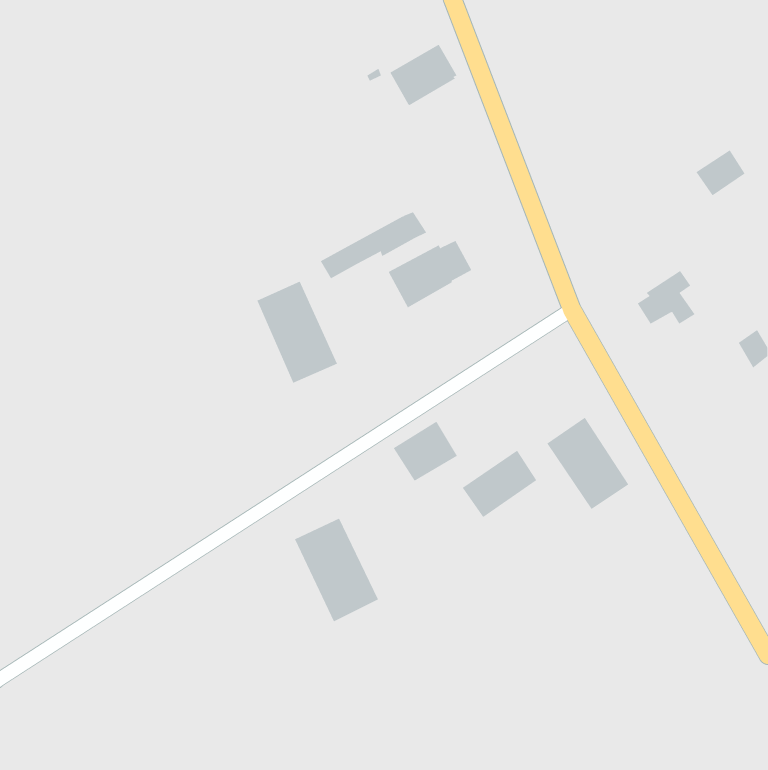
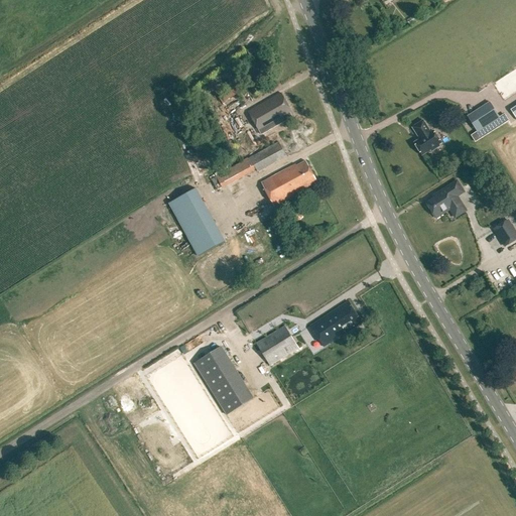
building: [389,44,457,106] -> [246,92,291,133]
building: none -> [410,120,439,155]
building: [546,417,629,510] -> none
building: [393,421,458,481] -> [254,325,297,365]

